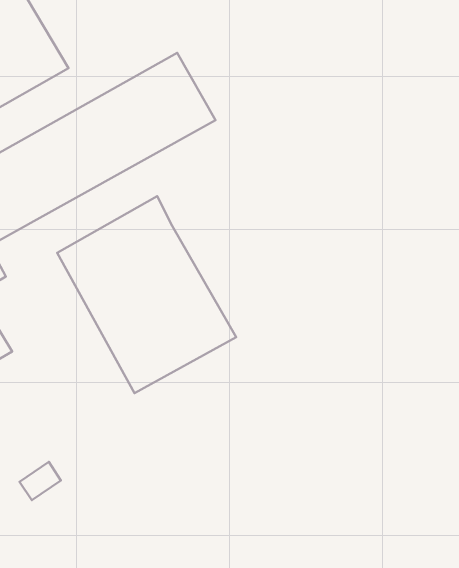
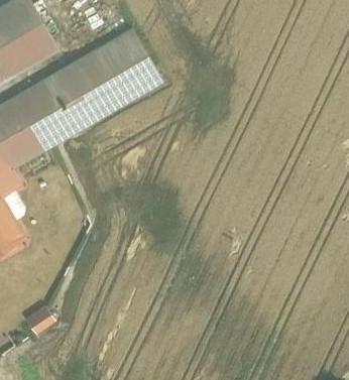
building: [57,196,236,393] -> none

